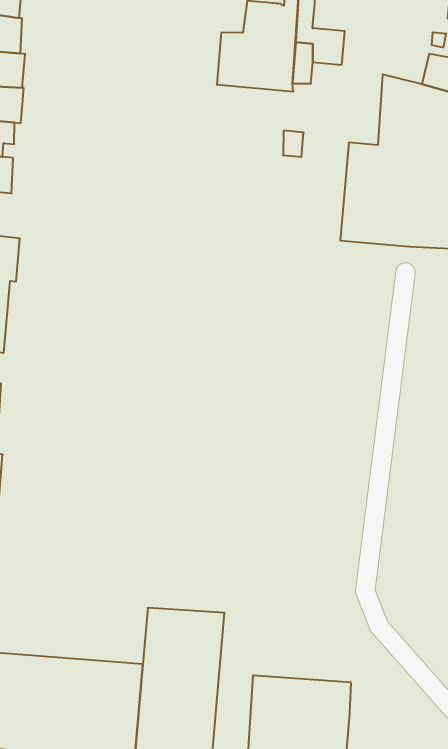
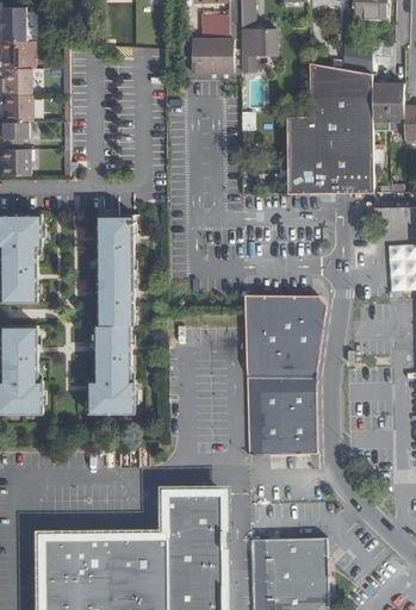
building: none -> [88,214,135,415]
building: none -> [246,295,325,454]

